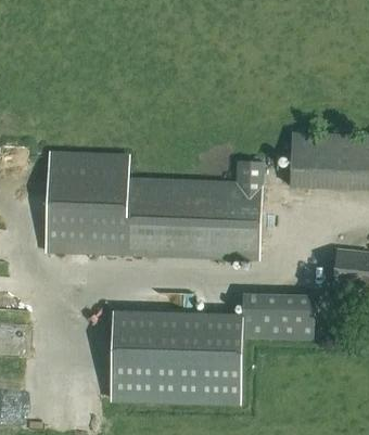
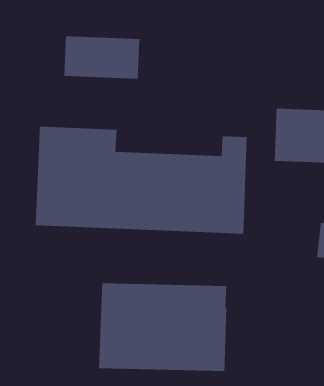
building: none -> [64,35,140,80]
building: [241,293,314,340] -> none

